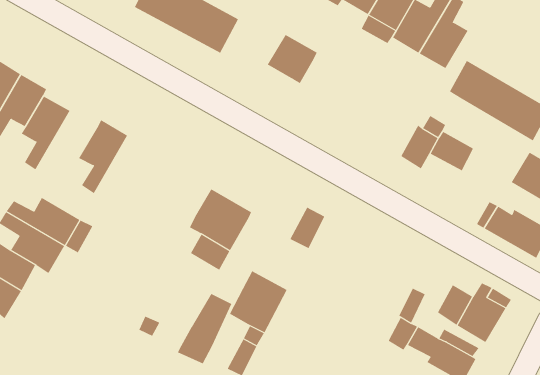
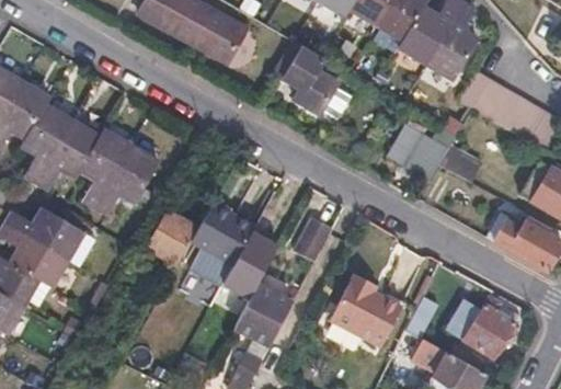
building: none -> [291,70,351,118]
building: none -> [386,117,427,167]
building: none -> [38,121,101,187]
building: none -> [98,146,159,213]
building: none -> [148,208,201,266]
building: none -> [331,275,403,348]
building: [177,293,232,364] -> [221,229,277,301]

